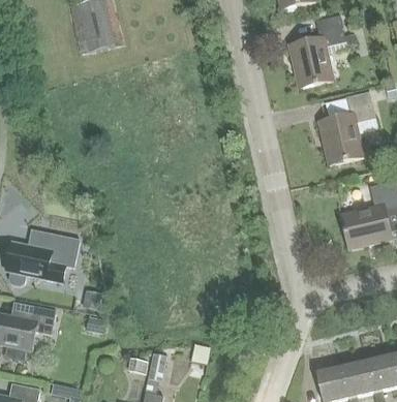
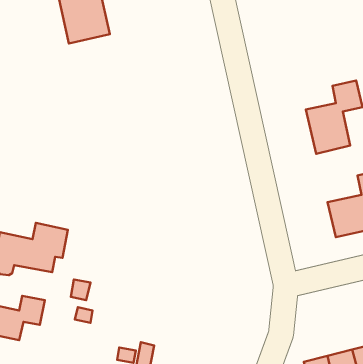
building: [288,14,344,87] -> none

